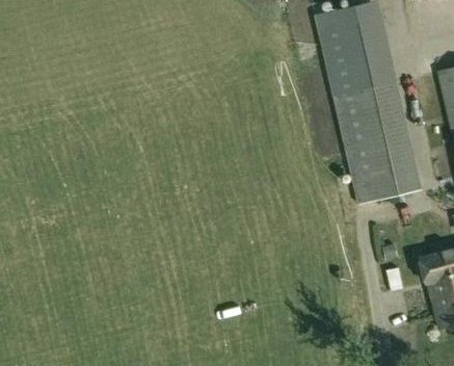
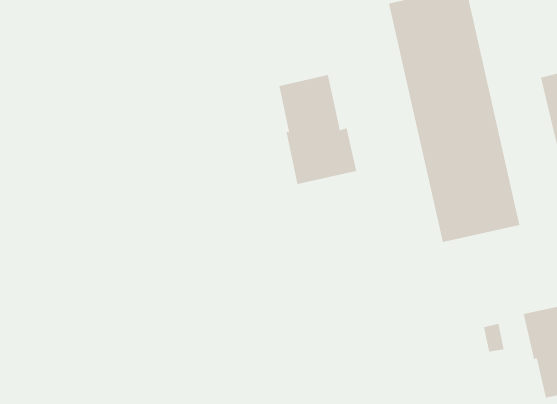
building: none -> [279,74,357,185]

